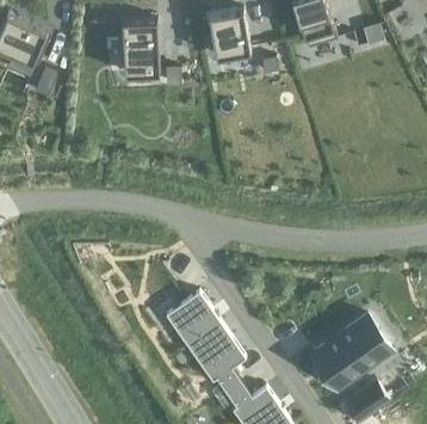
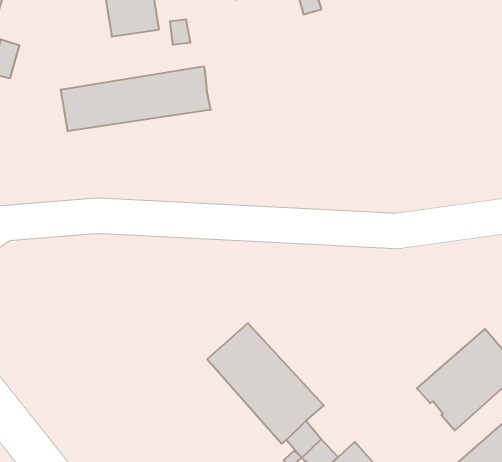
building: none -> [61,66,210,131]

